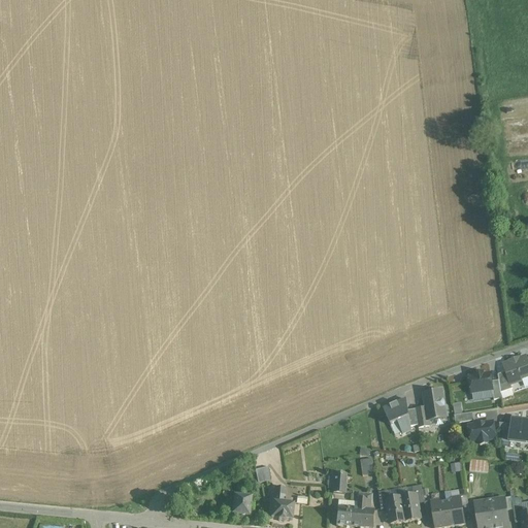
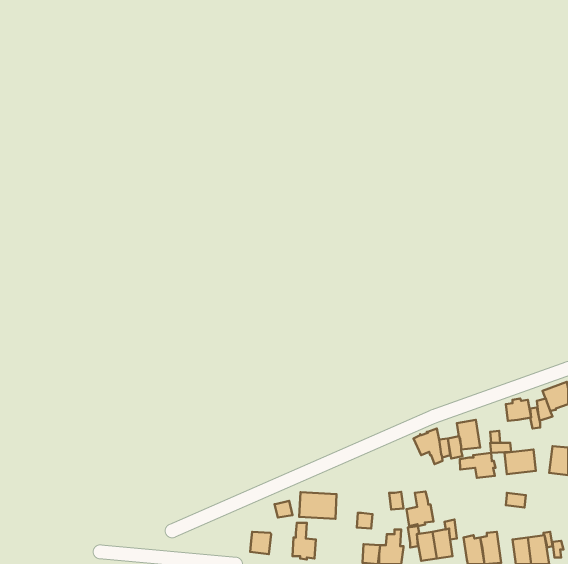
building: none -> [460,453,495,478]
building: none -> [406,492,433,526]
building: none -> [299,492,337,519]

